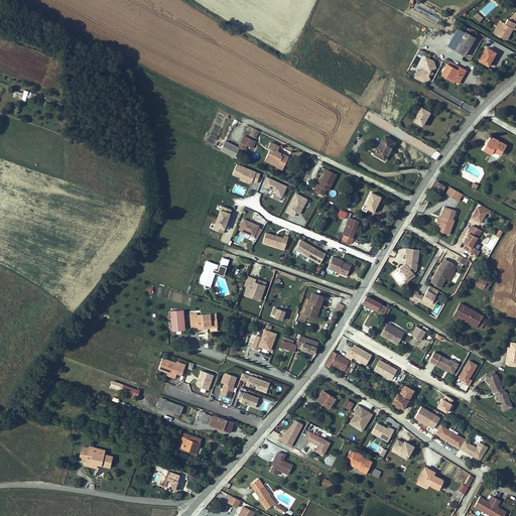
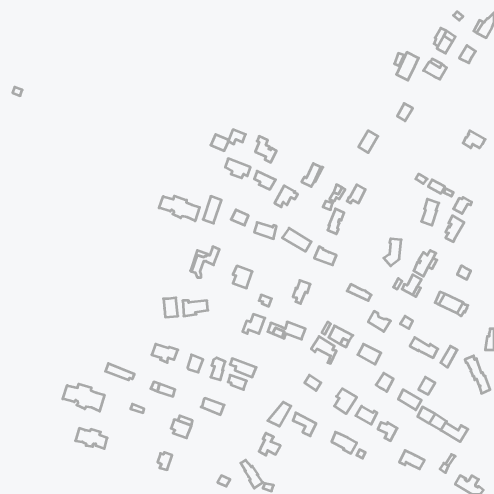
building: none -> [159,196,200,221]
building: none -> [63,384,104,411]

